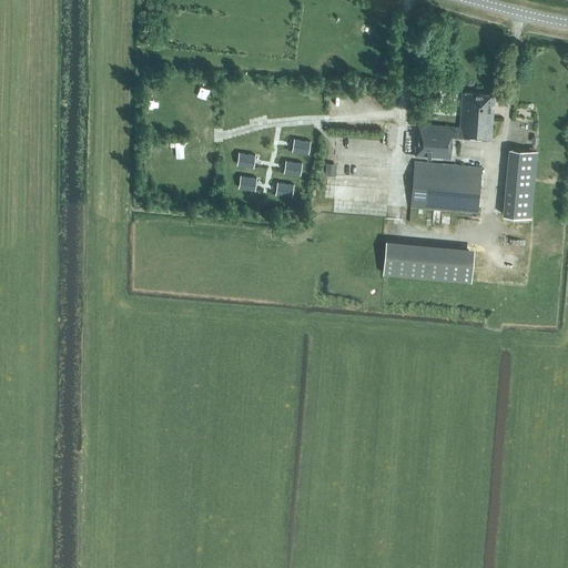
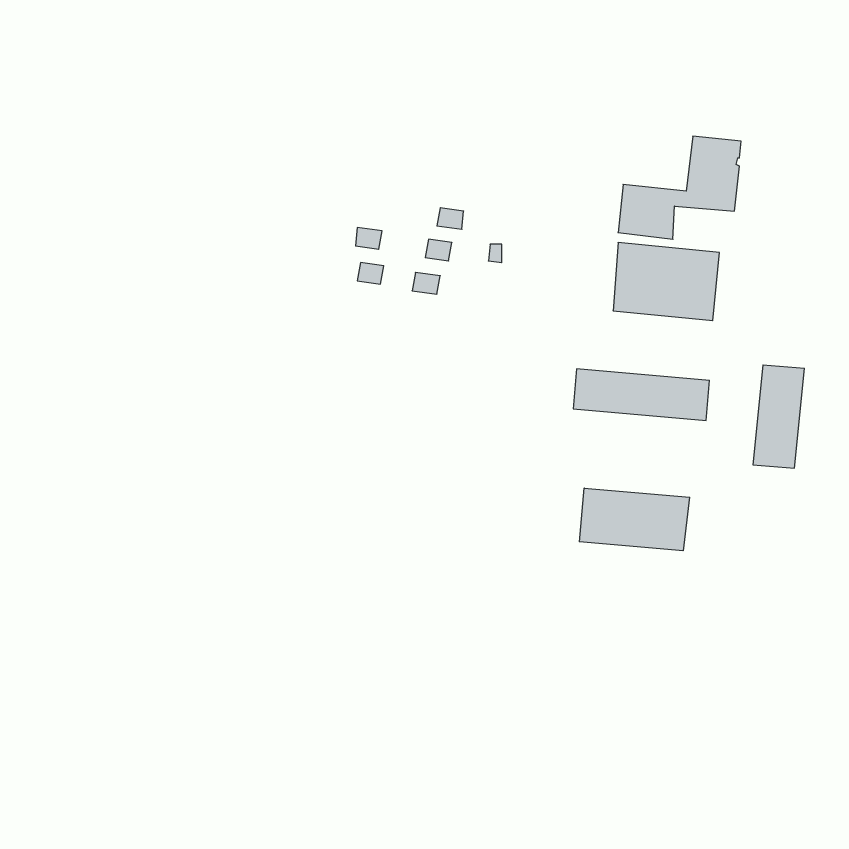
building: [503,149,537,217] -> [753,365,804,468]
building: none -> [579,488,690,551]

